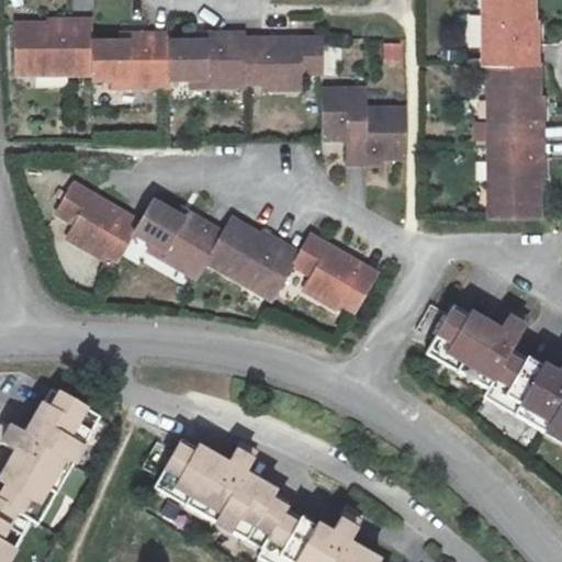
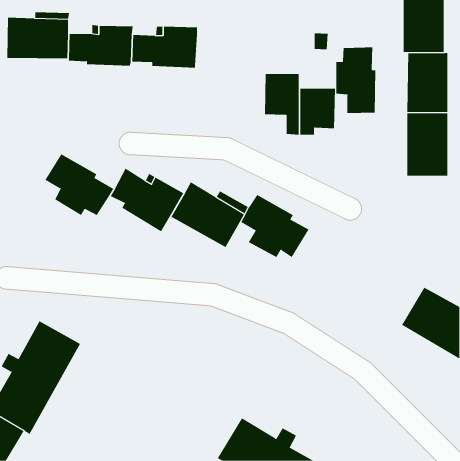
building: [237,35,319,86] -> none
building: none -> [336,47,376,114]
building: [427,304,528,387] -> none
building: [160,434,296,549] -> none

